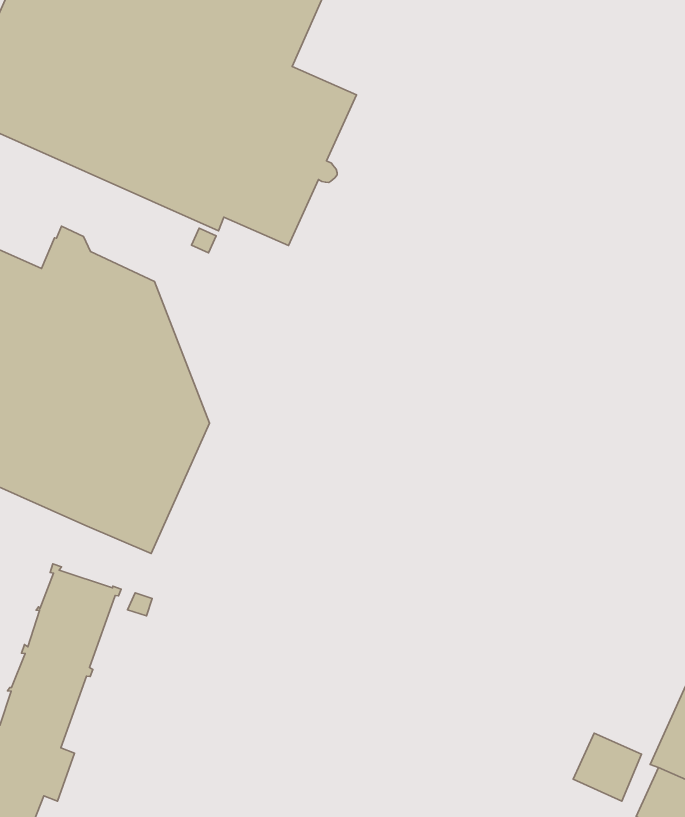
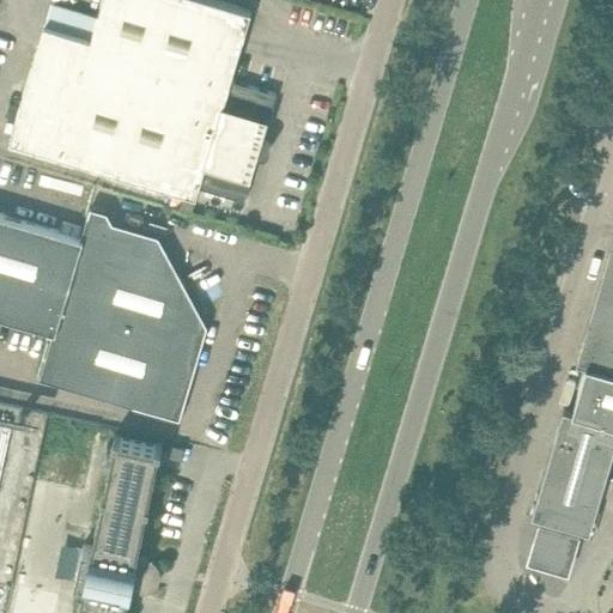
building: [573,733,642,801] -> none

